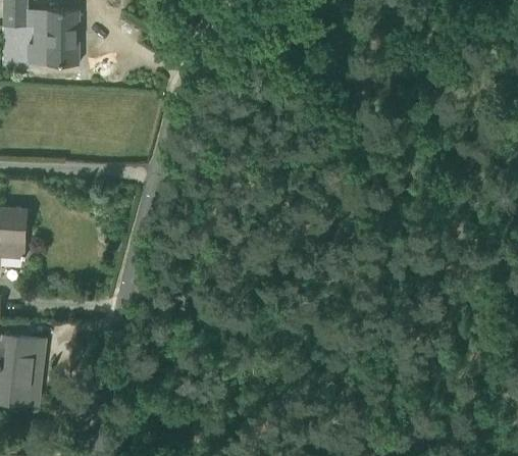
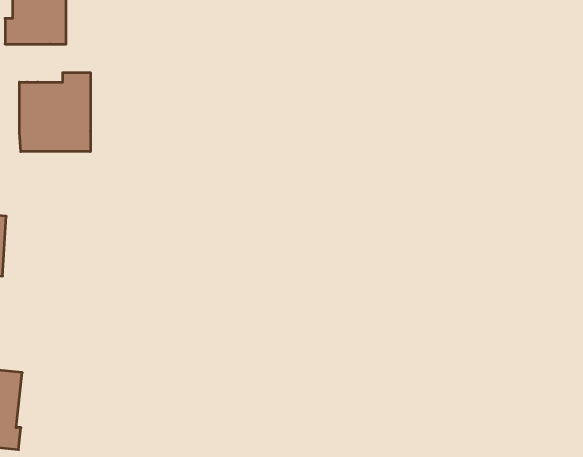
building: none -> [19,73,90,152]

